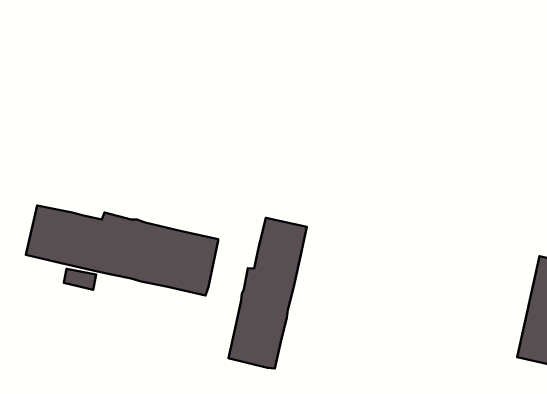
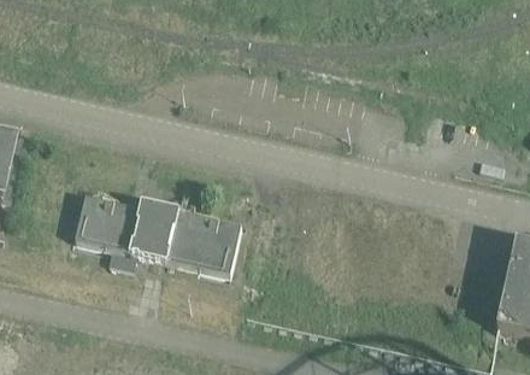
building: [228,218,307,369] -> none

